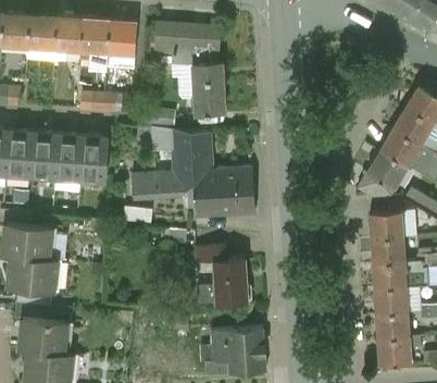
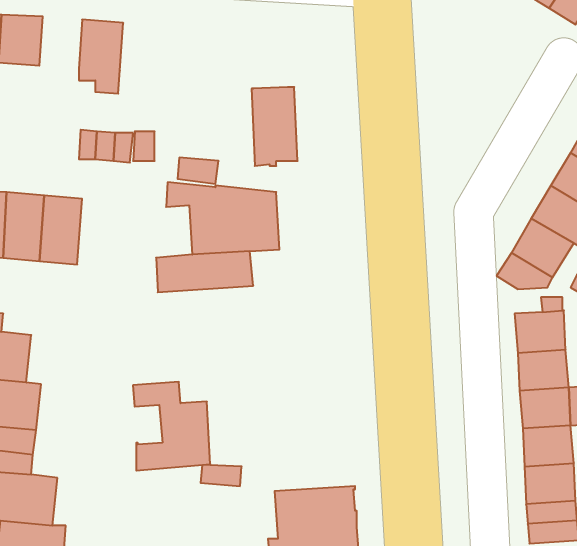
building: [54,16,83,51] -> none
building: [108,21,137,54] -> none
building: [157,25,221,64] -> none
building: [79,137,108,182] -> none
building: [193,169,255,215] -> none
building: [196,246,247,305] -> [133,382,210,471]

